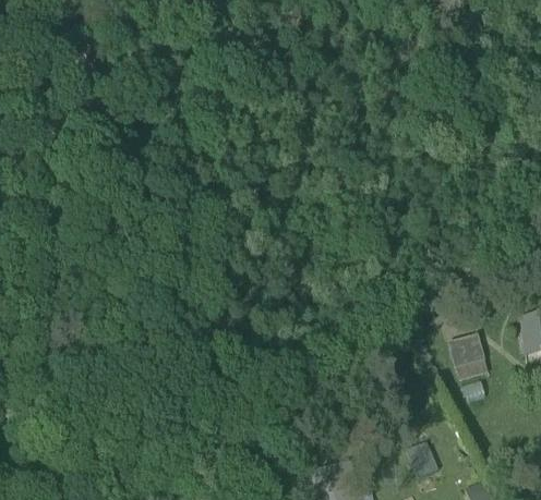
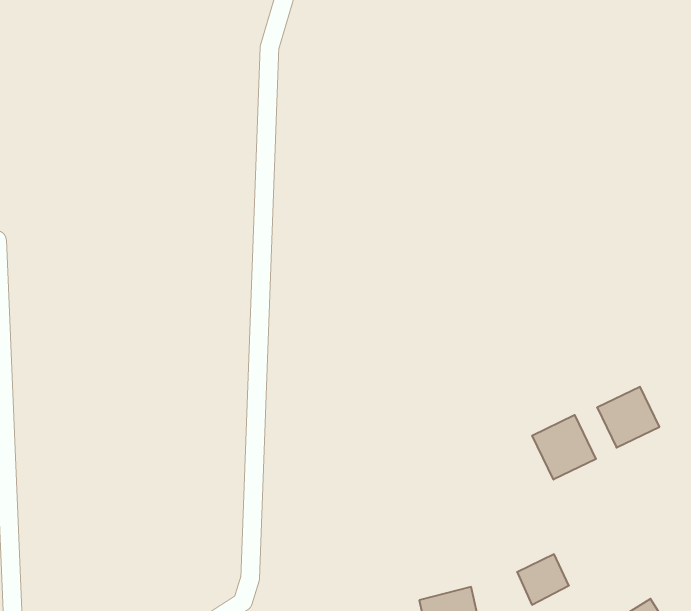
building: none -> [532,415,596,480]

